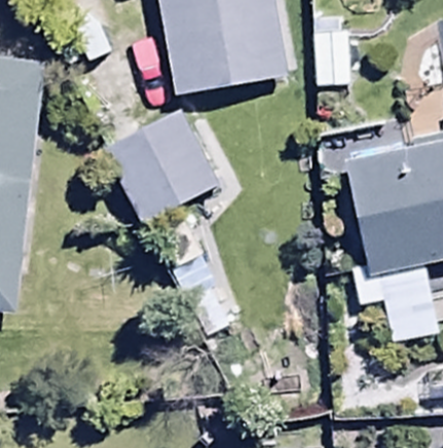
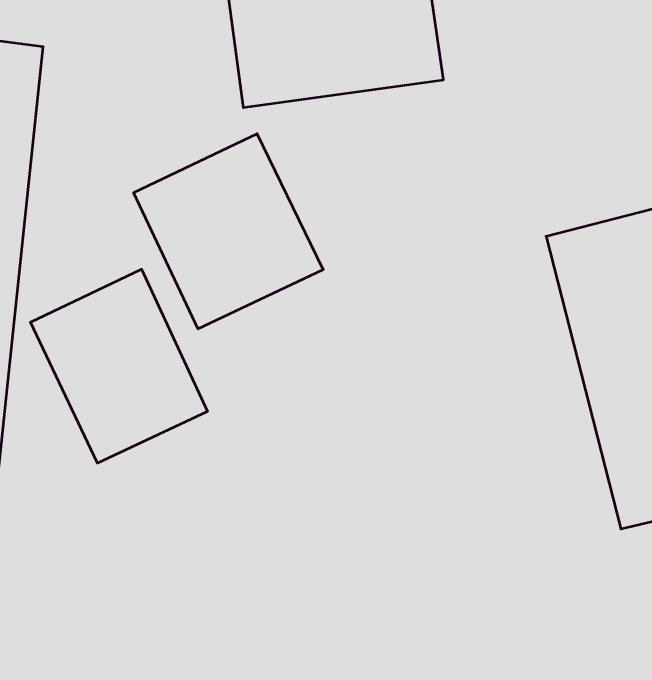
building: none -> [31,269,207,463]

